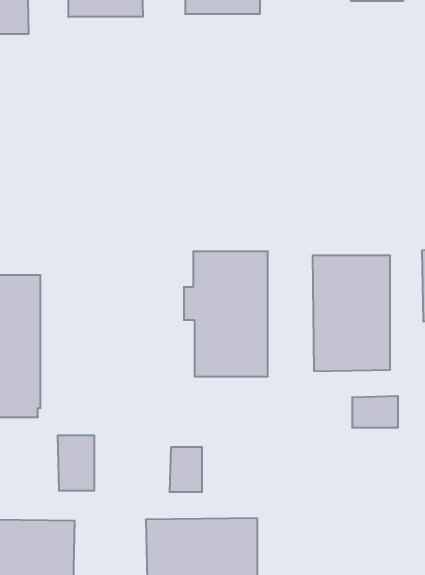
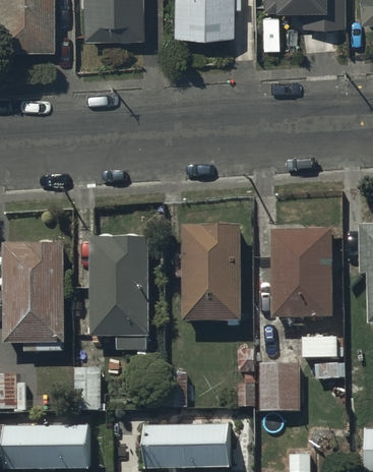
building: none -> [88,232,147,344]
building: none -> [257,370,299,416]

